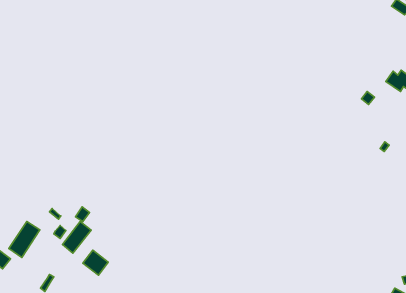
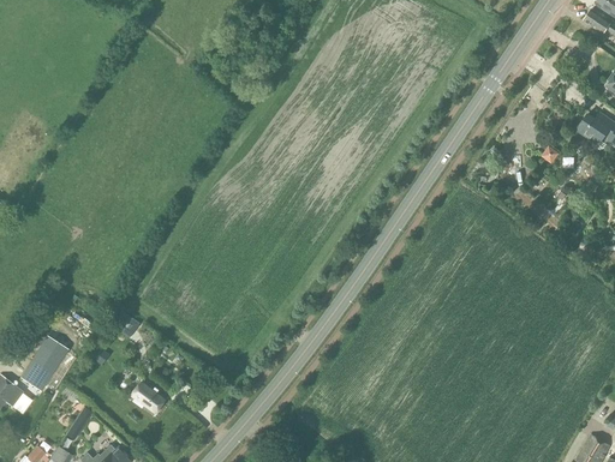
building: [62,222,91,253] -> none

